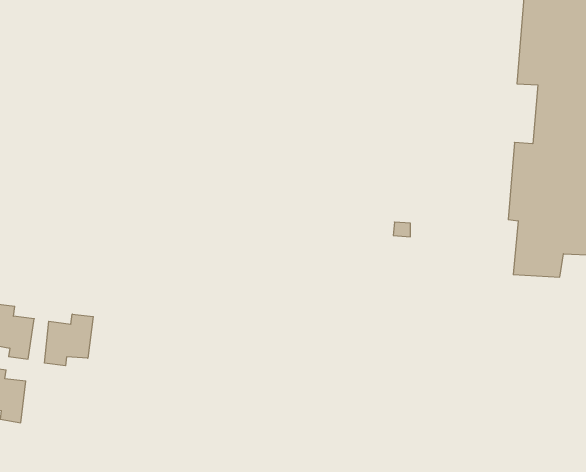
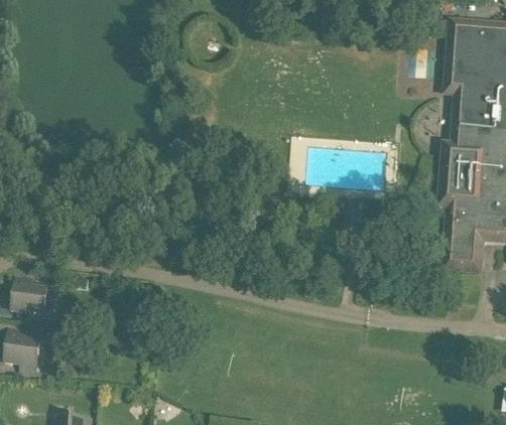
building: none -> [441,254,481,275]
building: [45,314,93,366] -> none

